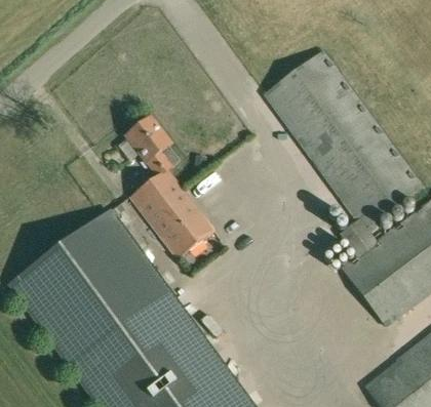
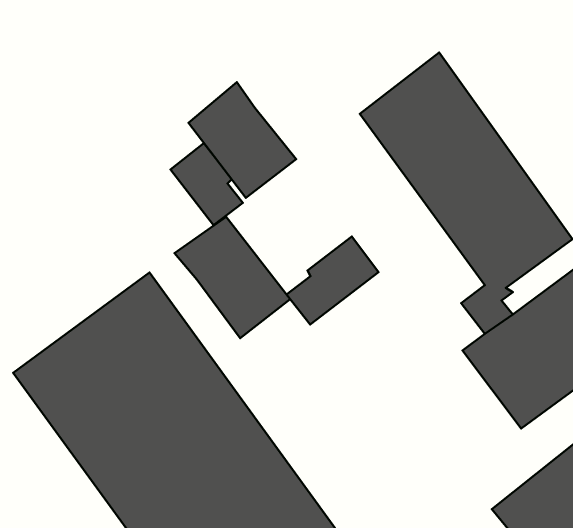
building: none -> [189,82,296,198]
building: none -> [287,236,379,325]

